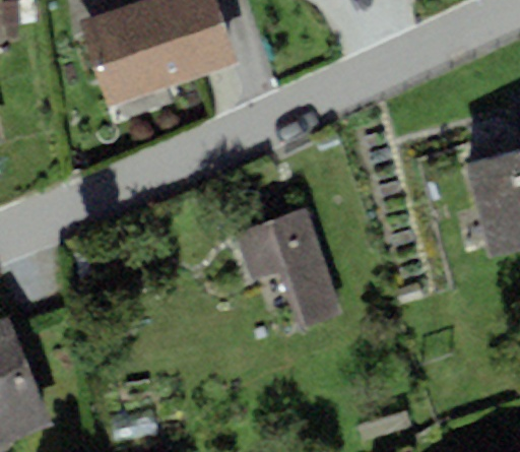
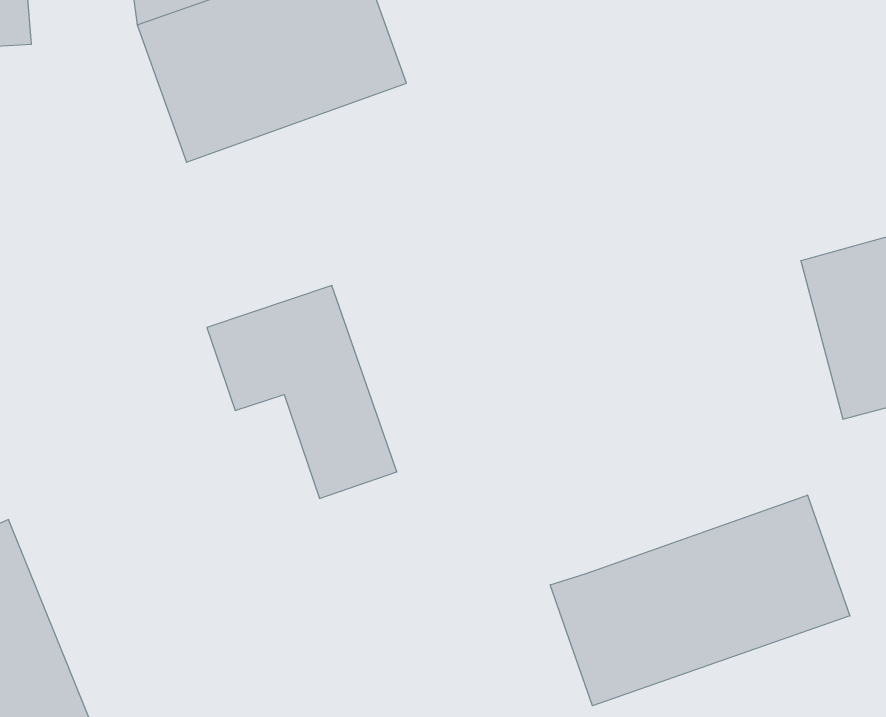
building: [233,206,342,329] -> [207,285,397,498]
building: none -> [550,495,850,706]

